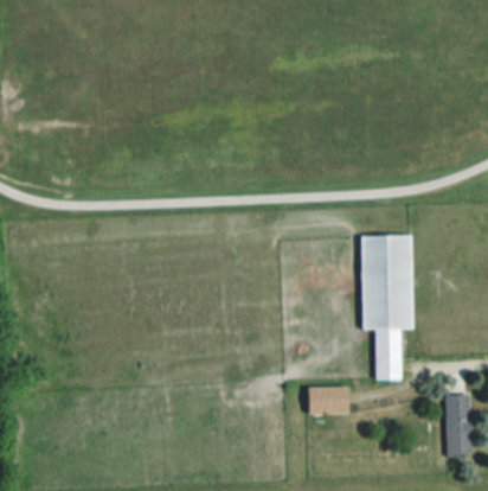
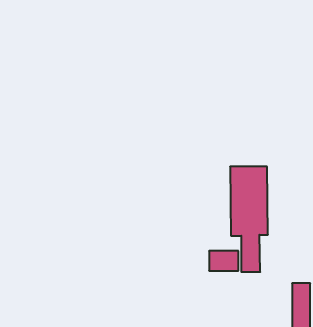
building: [307,387,347,414] -> [209,251,238,271]

